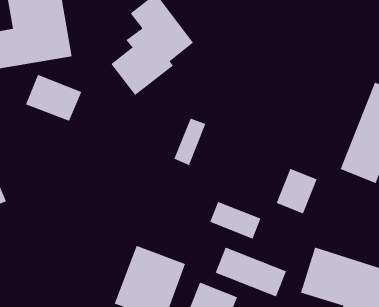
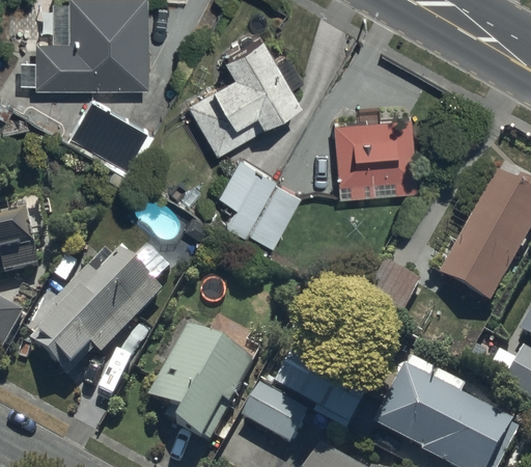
building: none -> [335,119,410,184]
building: none -> [219,162,269,229]
building: none -> [34,253,159,377]
building: [210,201,261,239] -> none

